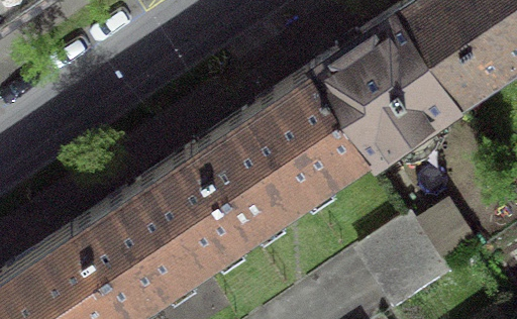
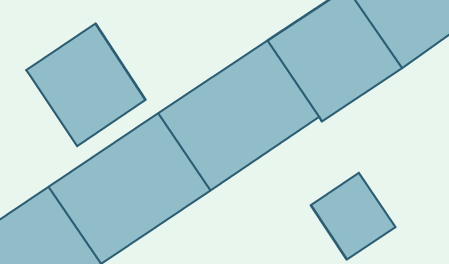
building: none -> [26,23,146,146]

